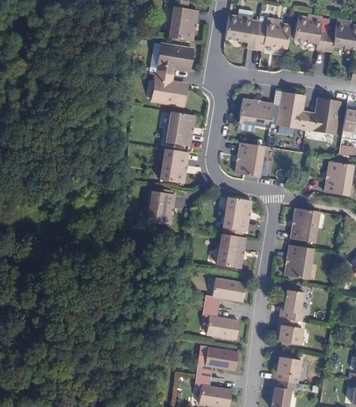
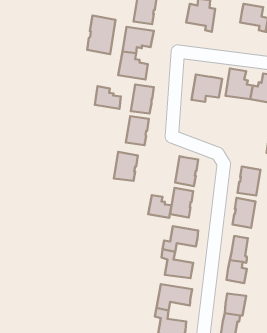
building: [261,23,296,51] -> none
building: none -> [87,16,116,54]
building: none -> [95,86,121,109]
building: [236,143,264,177] -> none
building: none -> [148,195,171,218]

